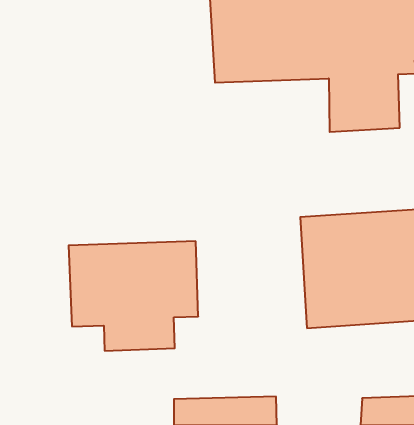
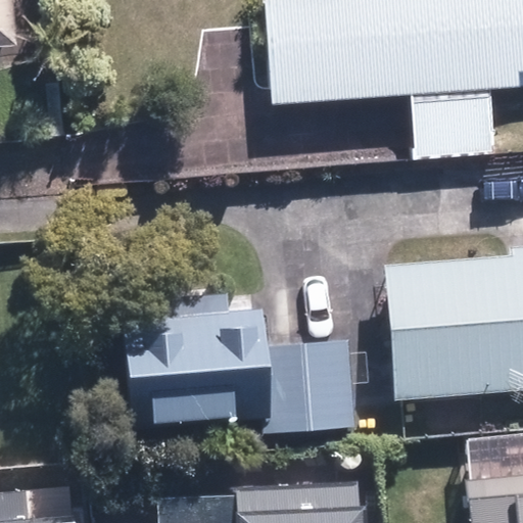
building: none -> [271,345,359,430]

